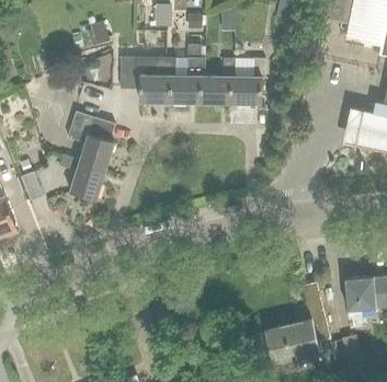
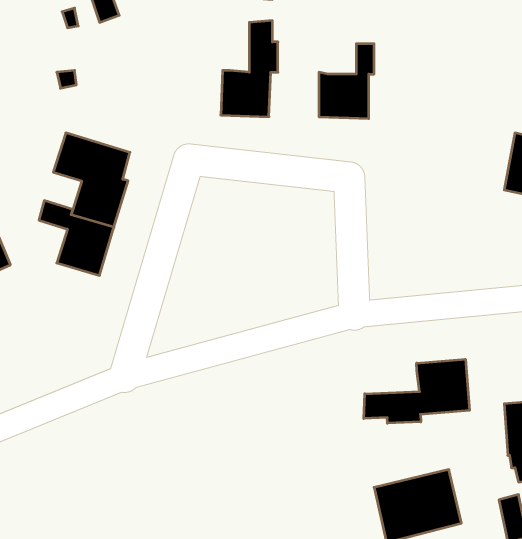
building: [119,55,175,101] -> none
building: [200,57,236,102] -> none
building: none -> [364,359,469,423]

